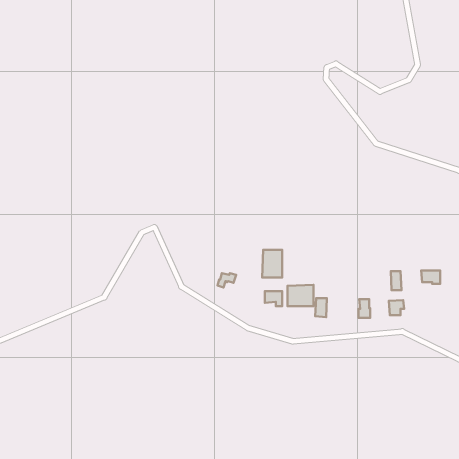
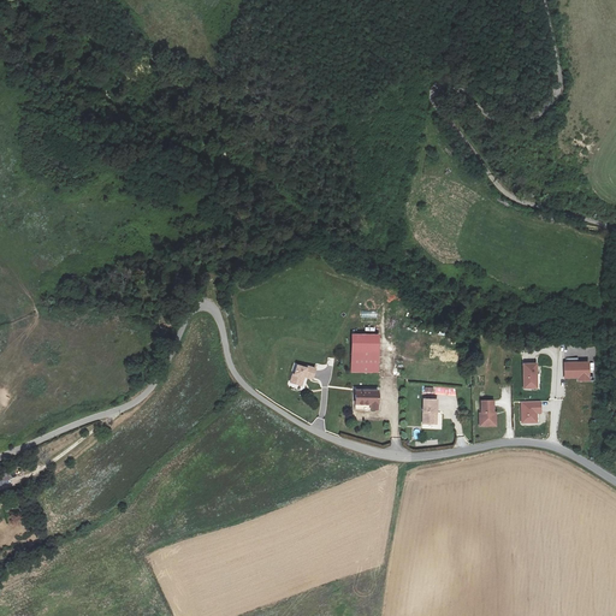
building: [287,285,313,306] -> none

